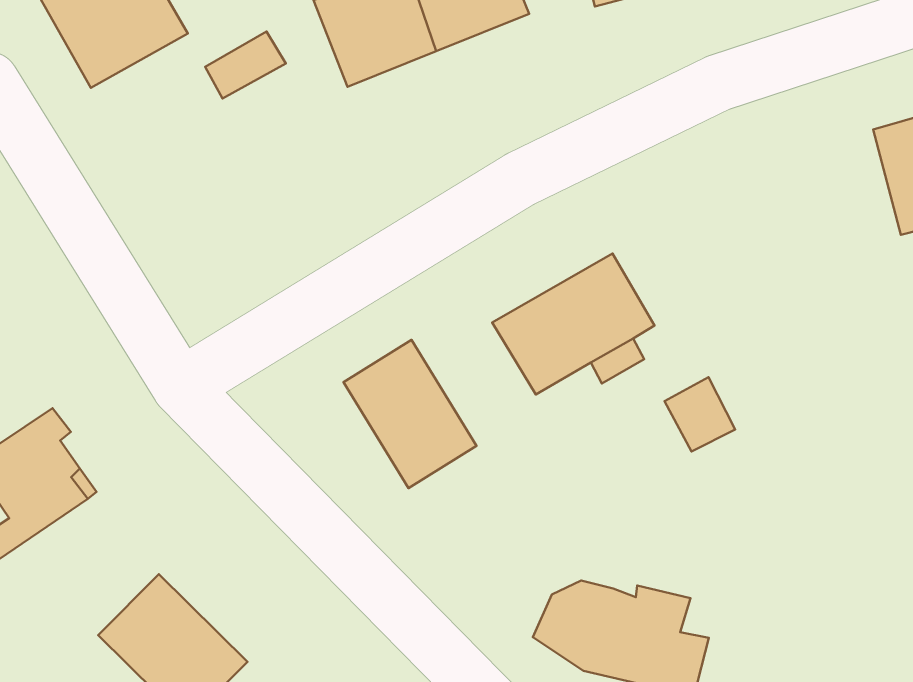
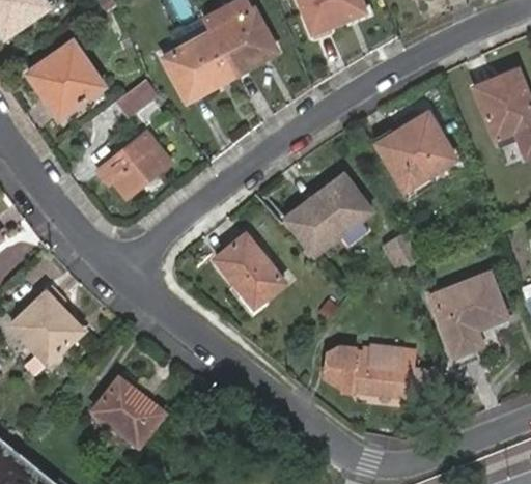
building: none -> [96,131,171,197]
building: none -> [369,110,452,190]
building: none -> [431,272,505,351]

